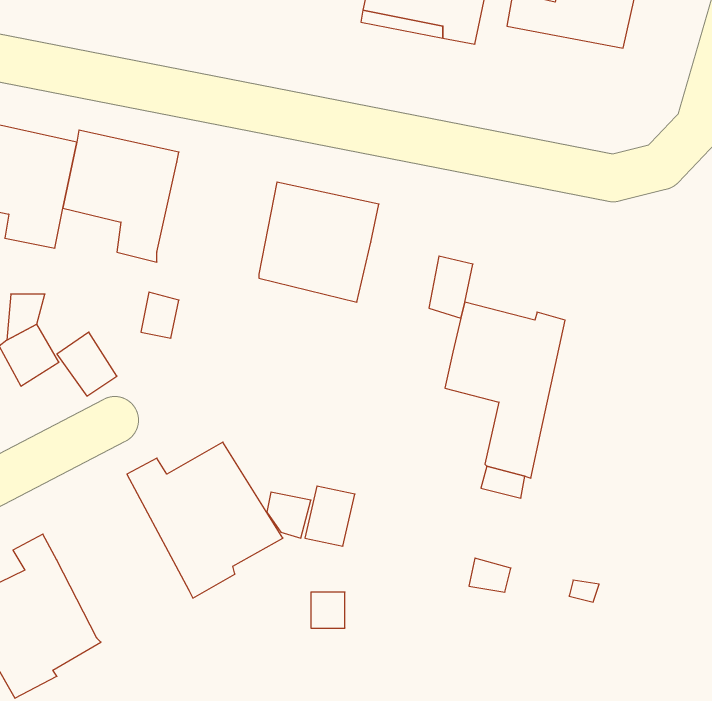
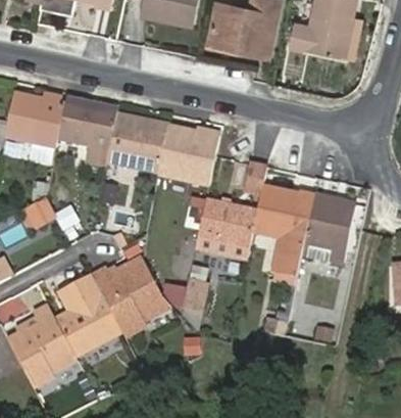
building: none -> [105,114,166,172]
building: none -> [301,193,357,261]
building: none -> [194,199,256,259]
building: none -> [54,274,121,358]

